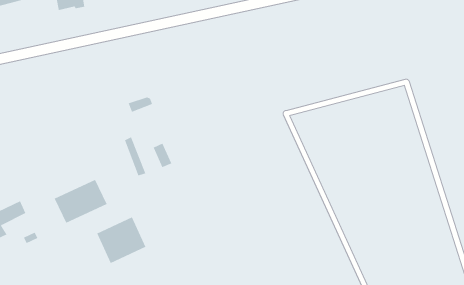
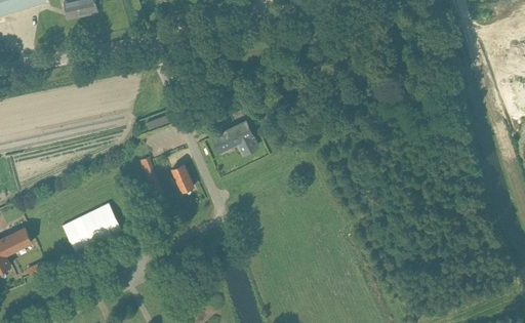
building: none -> [213,120,257,152]
building: [97,217,146,264] -> none

